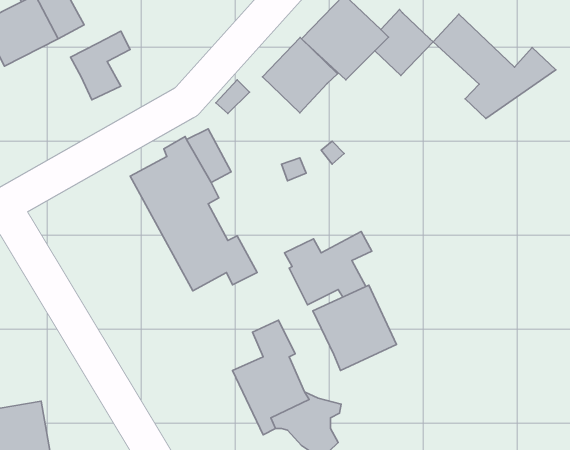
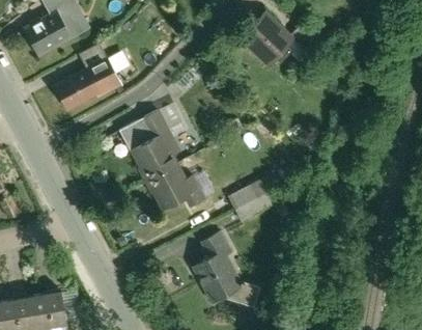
building: [433,14,556,118] -> none
building: [262,38,338,113] -> none
building: none -> [52,65,120,113]
building: [313,285,396,370] -> none

